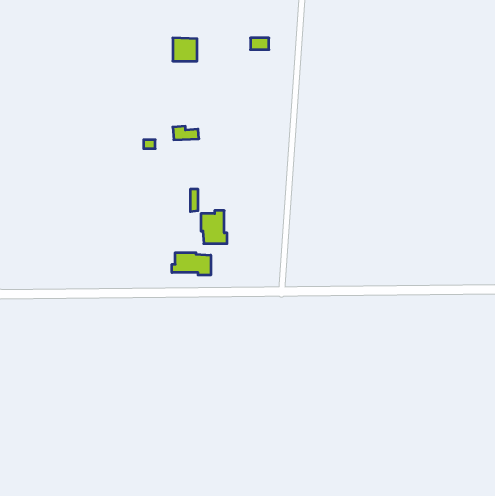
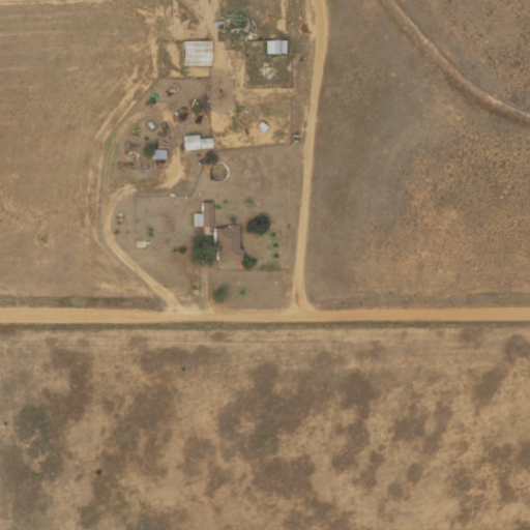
building: [172,253,211,275] -> none

